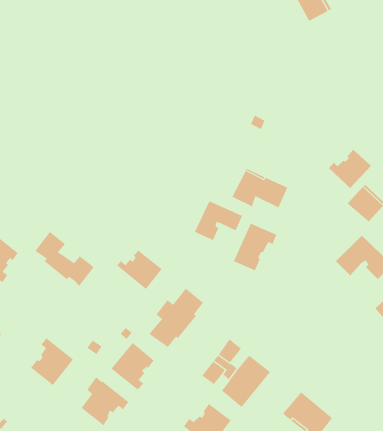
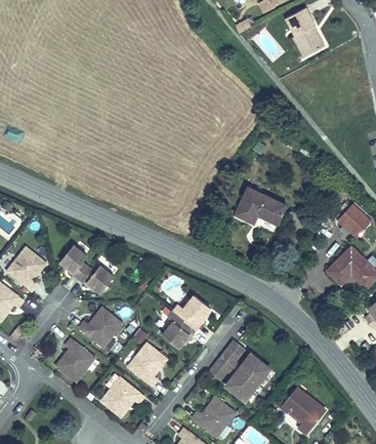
building: [328,149,372,189] -> none
building: [194,200,243,241] -> none
building: [233,223,277,271] -> none
building: [117,250,162,290] -> none
building: none -> [79,307,123,347]

